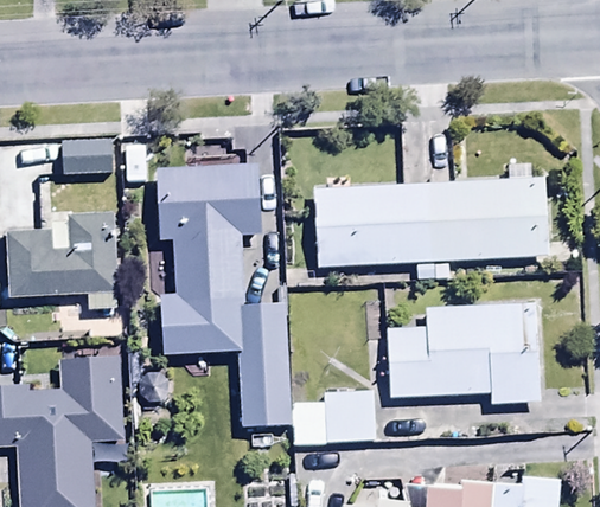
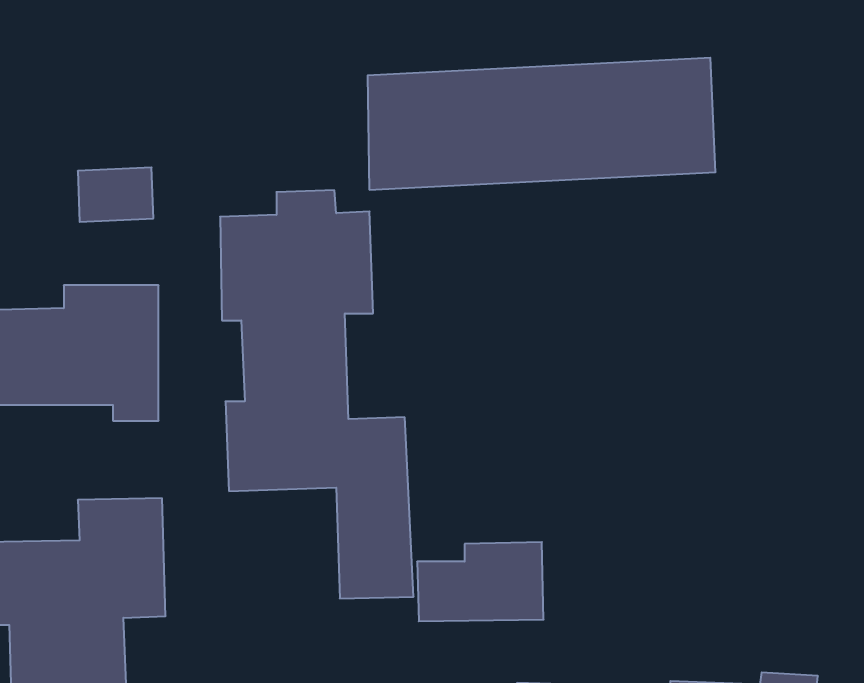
building: [315,178,550,267] -> [368,58,716,190]
building: [388,303,538,402] -> none

